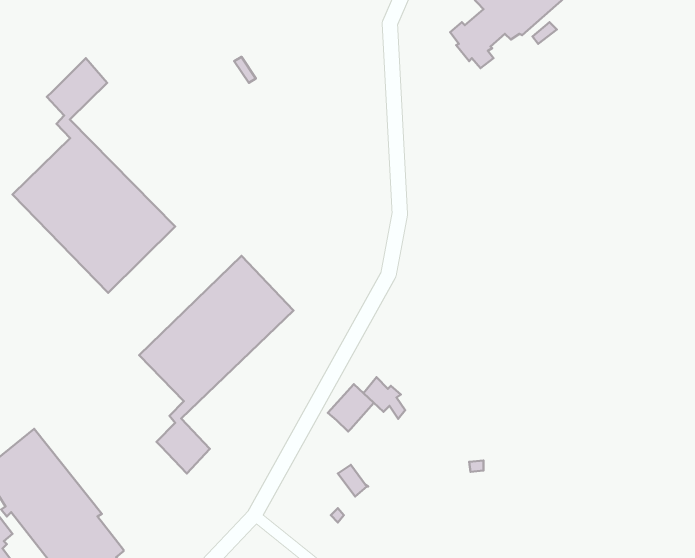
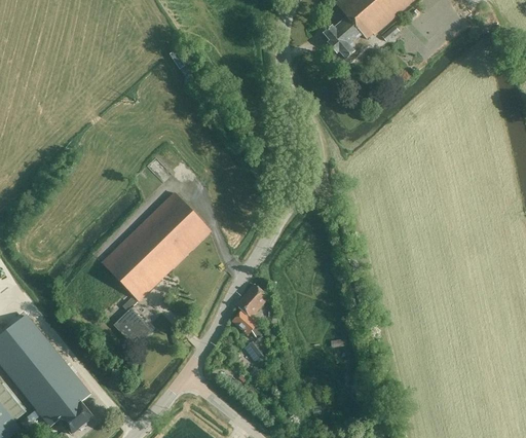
building: [13,58,175,293] -> none
building: [364,377,405,419] -> [233,308,263,338]

